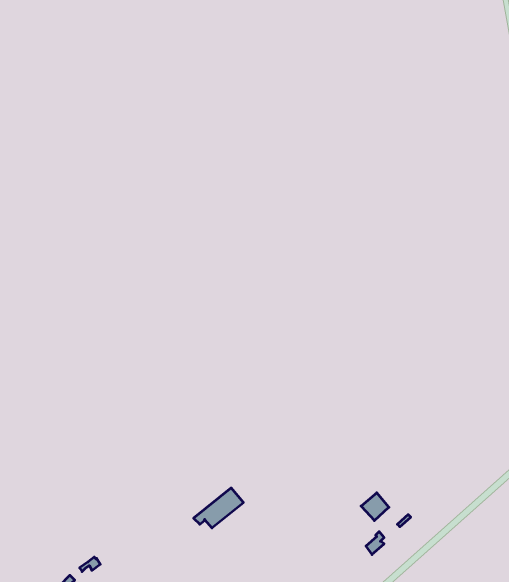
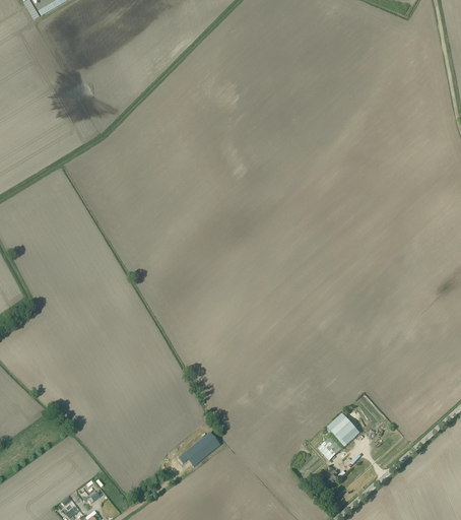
building: none -> [326,412,359,446]

